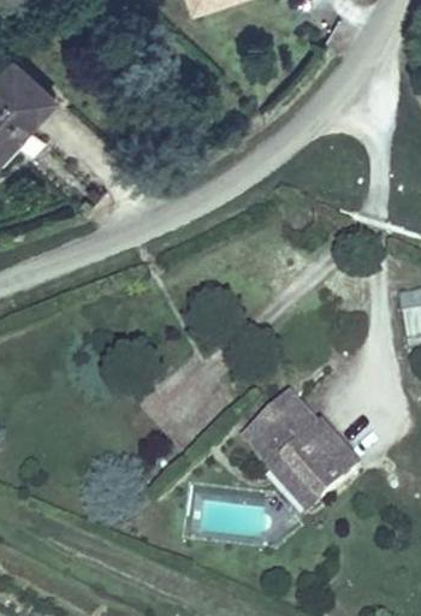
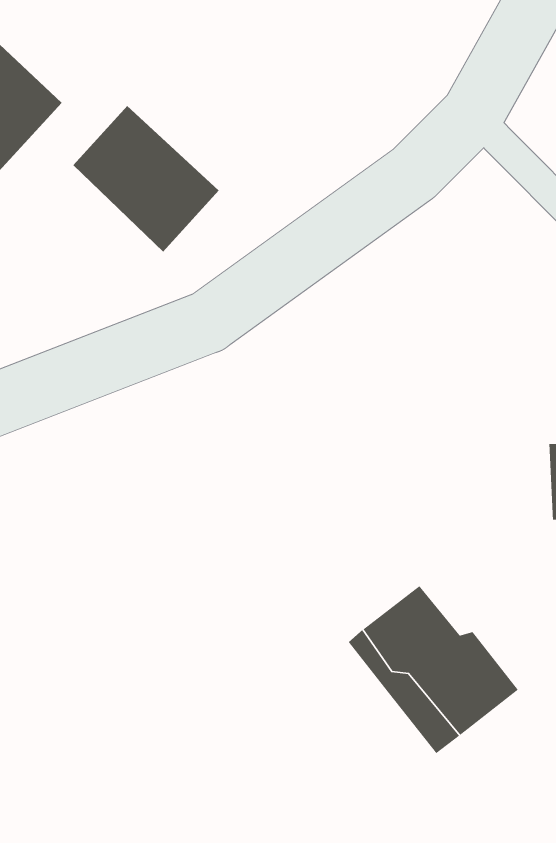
building: none -> [73,105,220,252]

